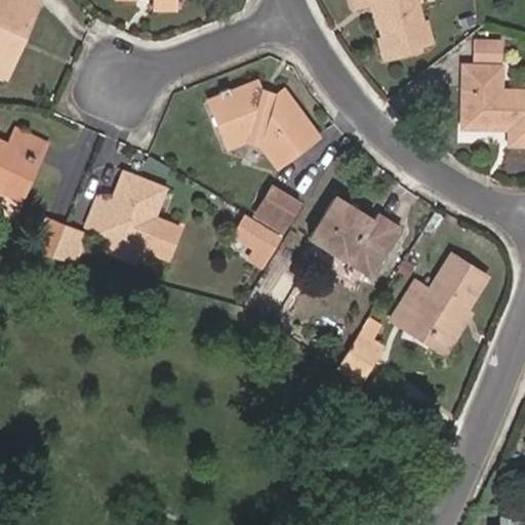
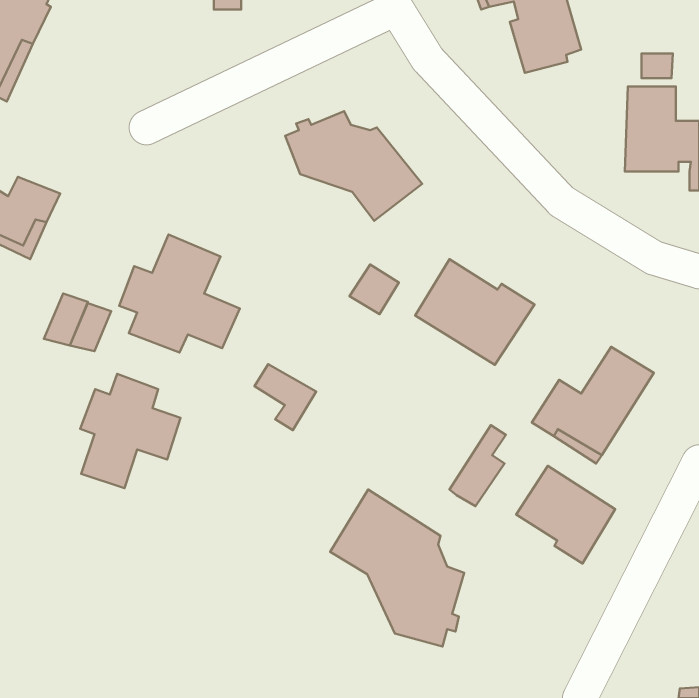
building: [233,215,279,265] -> [255,364,316,430]
building: none -> [80,374,181,488]
building: none -> [516,466,615,563]
building: none -> [330,490,464,646]

